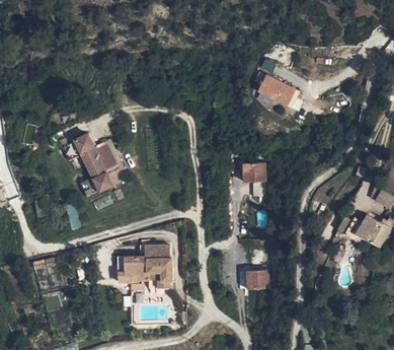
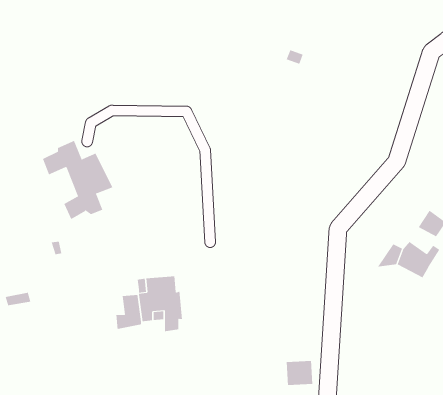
building: [254,76,296,110] -> none
building: [244,160,266,180] -> none
building: [248,267,270,287] -> [286,361,313,385]

